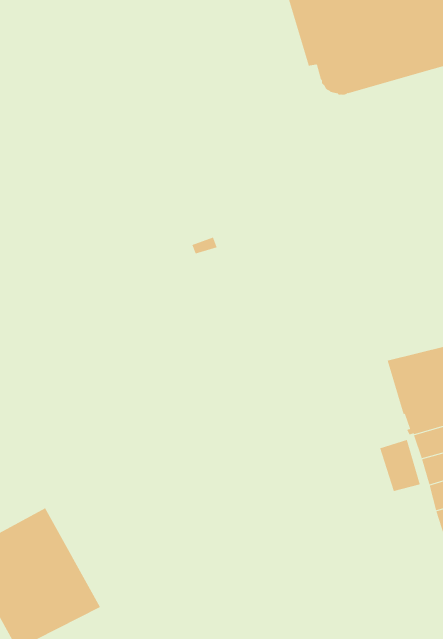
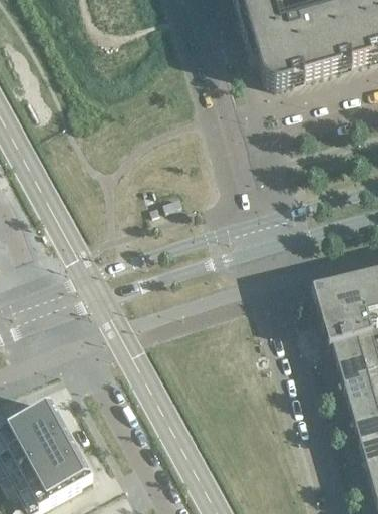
building: [380,439,421,492] -> none

